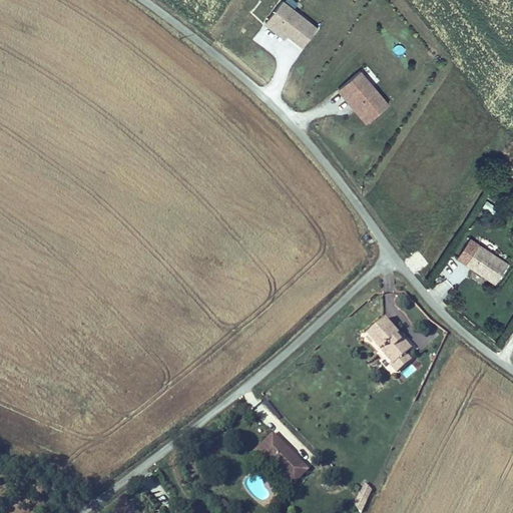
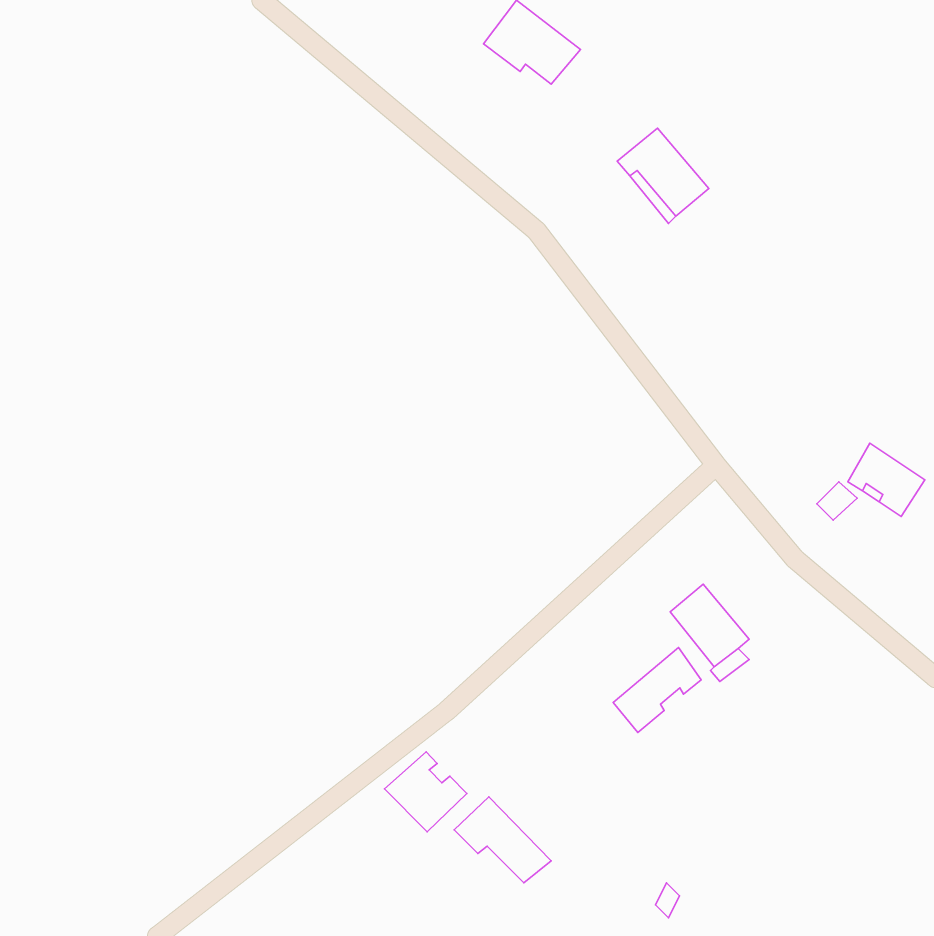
building: none -> [613,648,701,733]
building: none -> [384,752,467,832]

